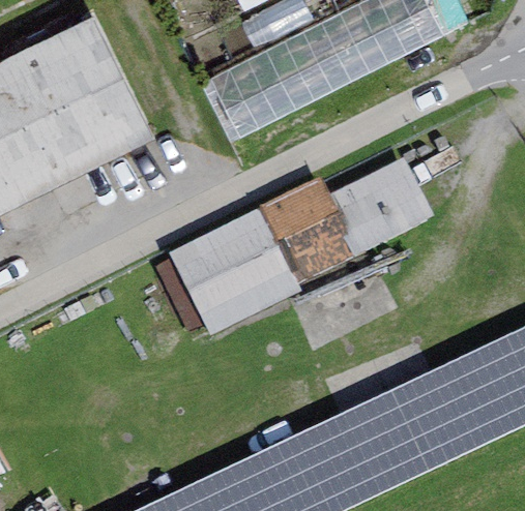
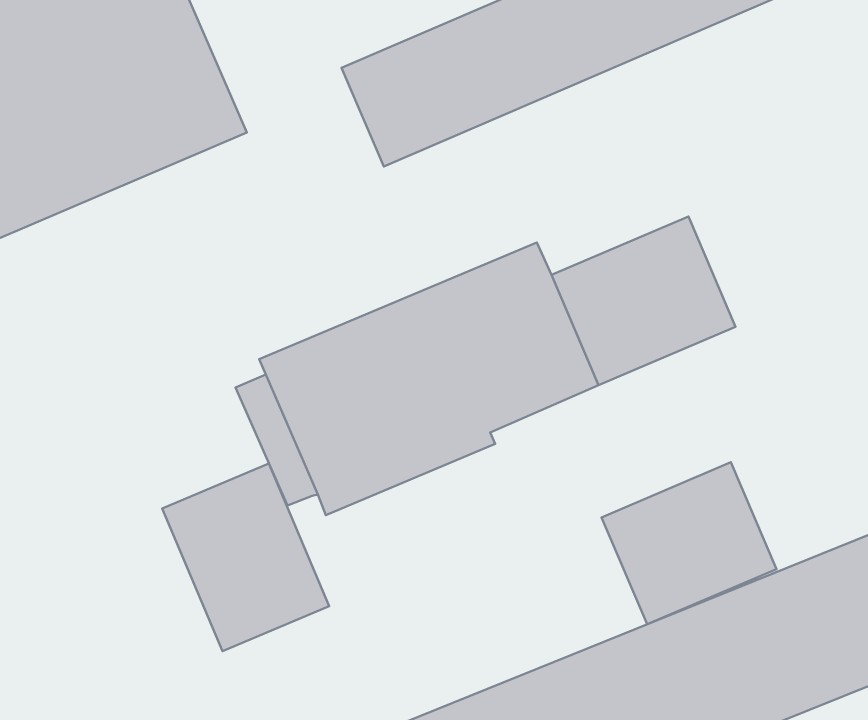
building: none -> [602,462,776,624]
building: none -> [162,463,329,651]

